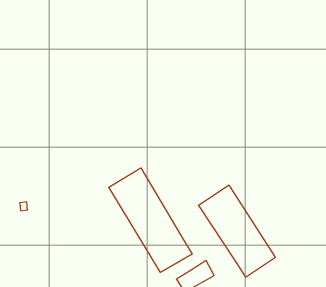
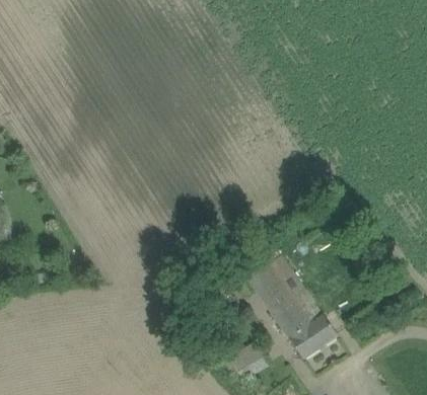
building: [109,168,192,272] -> none

